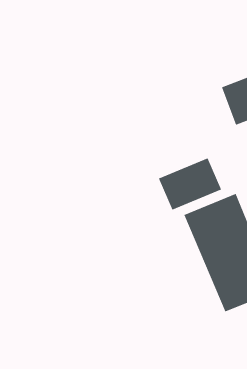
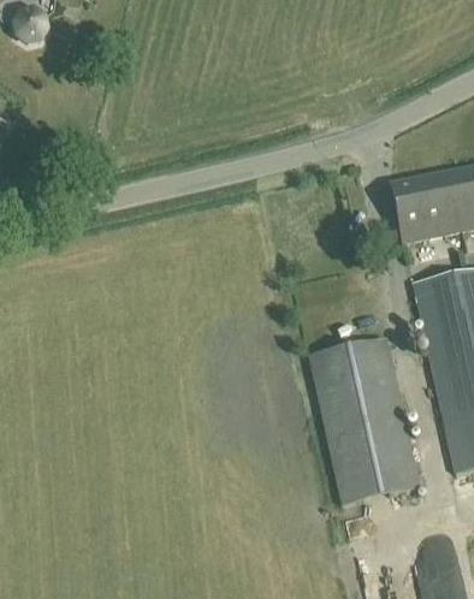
building: [158,158,222,210] -> none

